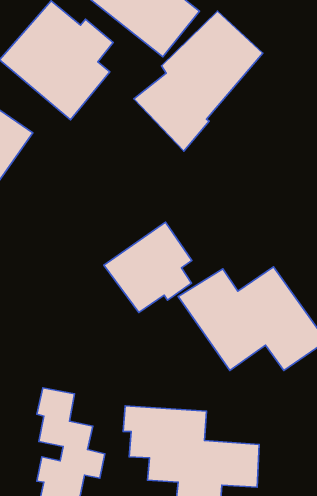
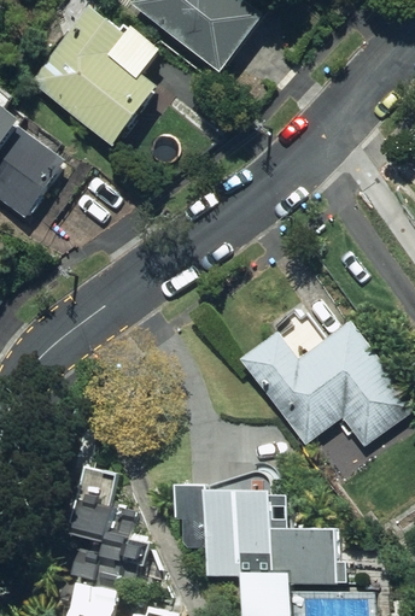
building: [134,11,263,151] -> none
building: [104,222,192,313] -> none

